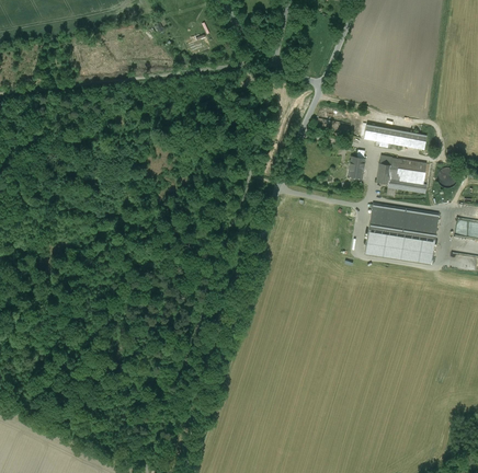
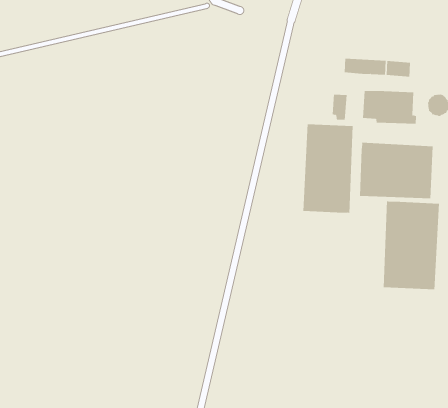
building: none -> [303,123,353,214]
building: none -> [383,200,439,290]

